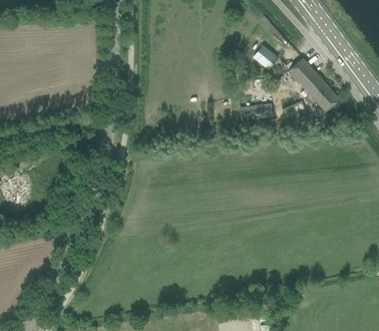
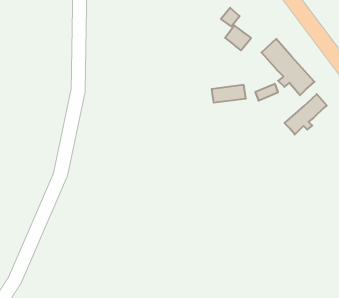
building: none -> [285,94,327,135]

